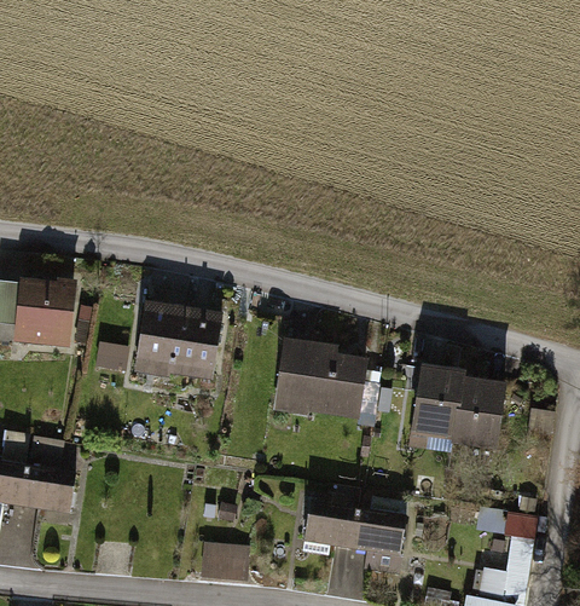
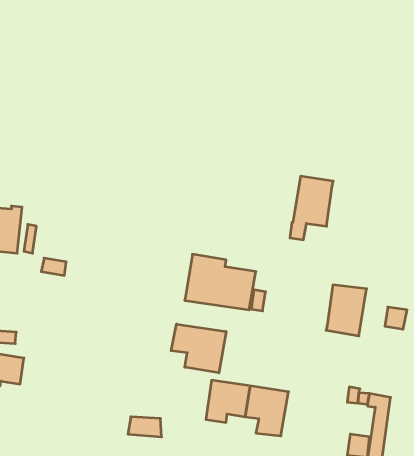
building: [138,302,221,374] -> none
building: [410,367,464,446] -> [290,176,333,240]
building: none -> [171,324,226,373]

